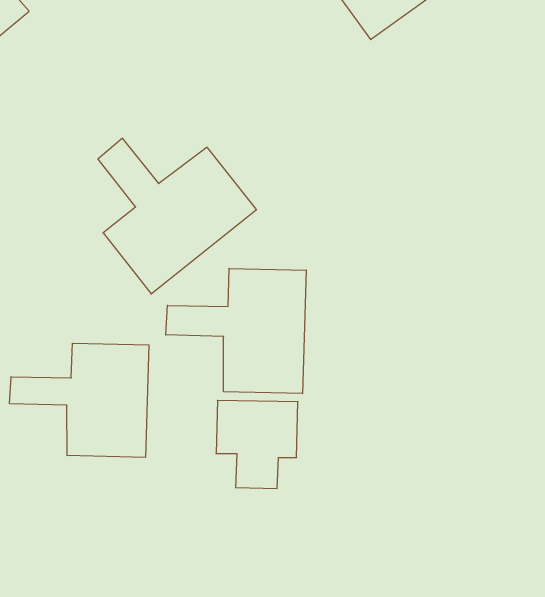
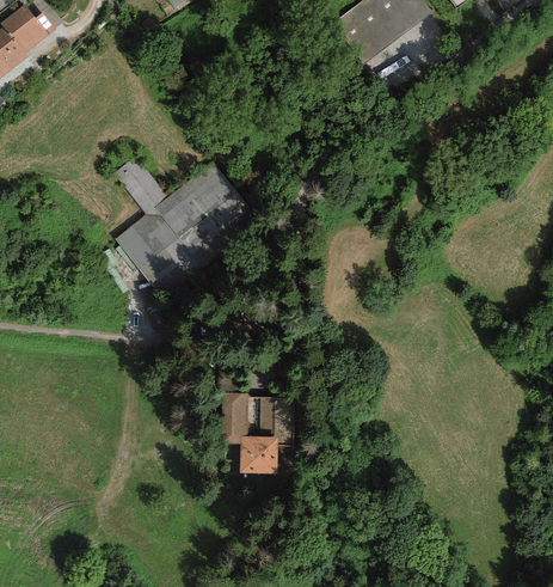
building: [166,268,306,394] -> none
building: [10,343,149,457] -> none

